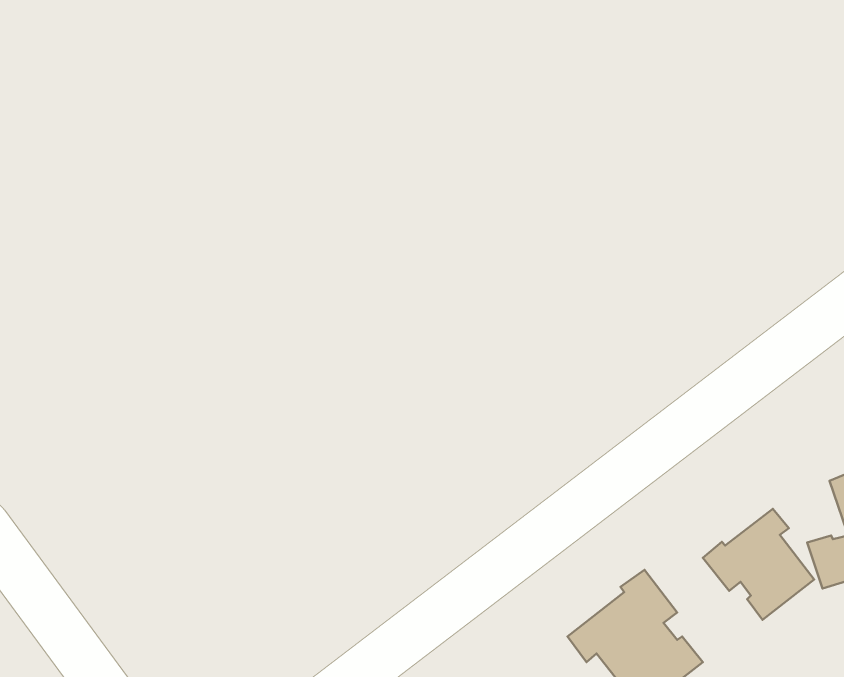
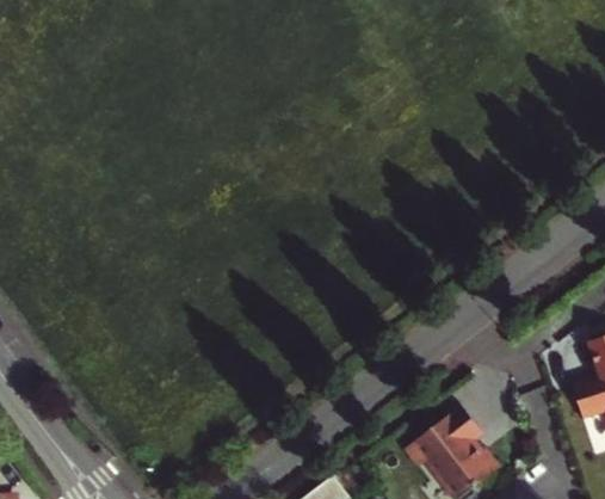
building: [703,509,814,620] -> none

